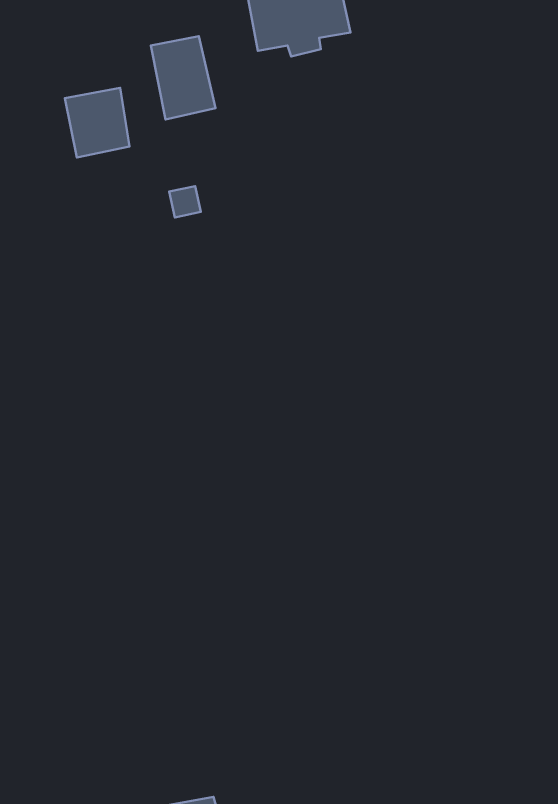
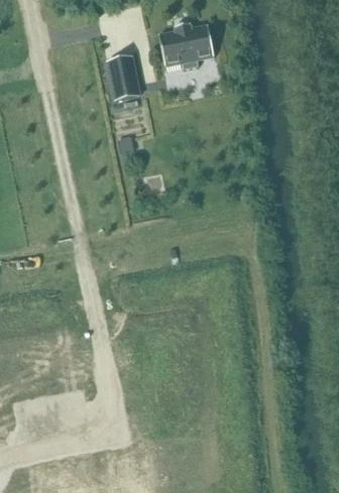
building: [65,88,129,157] -> none

